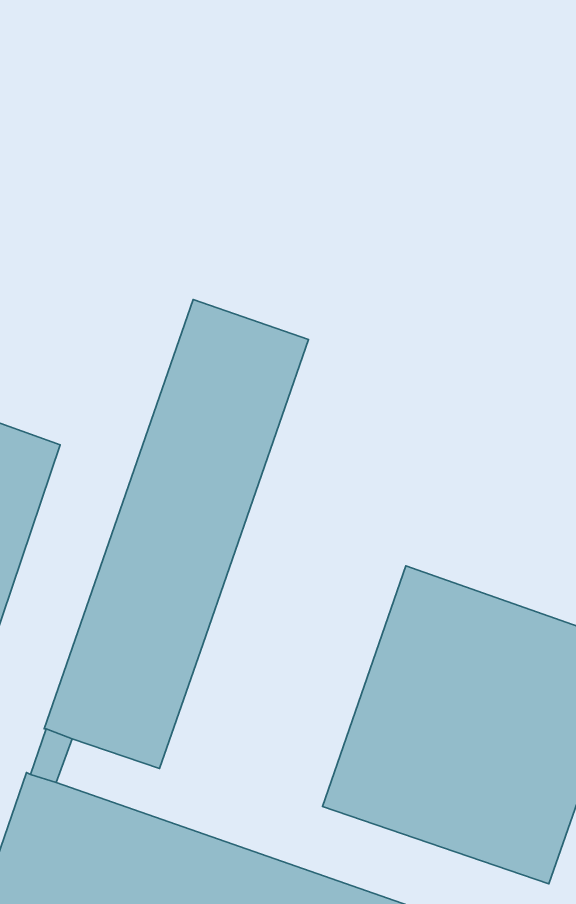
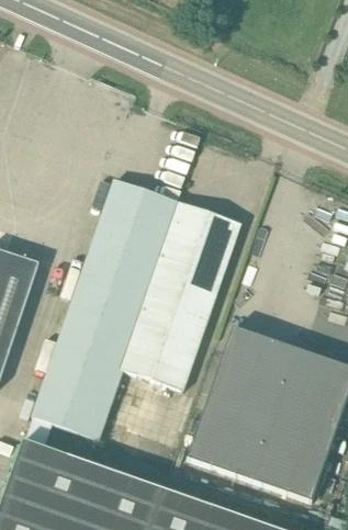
building: none -> [120,201,240,391]

